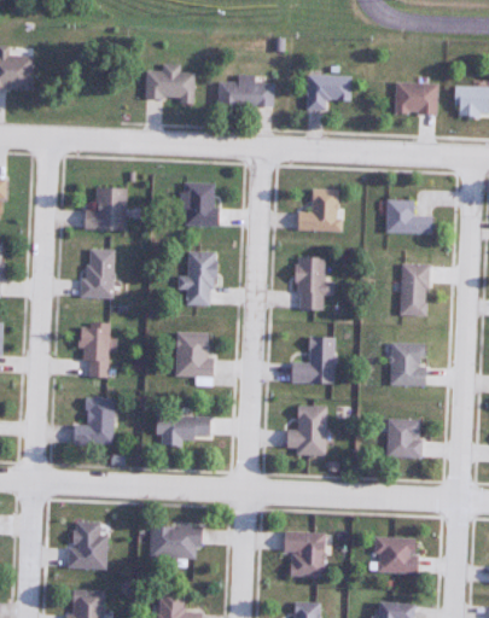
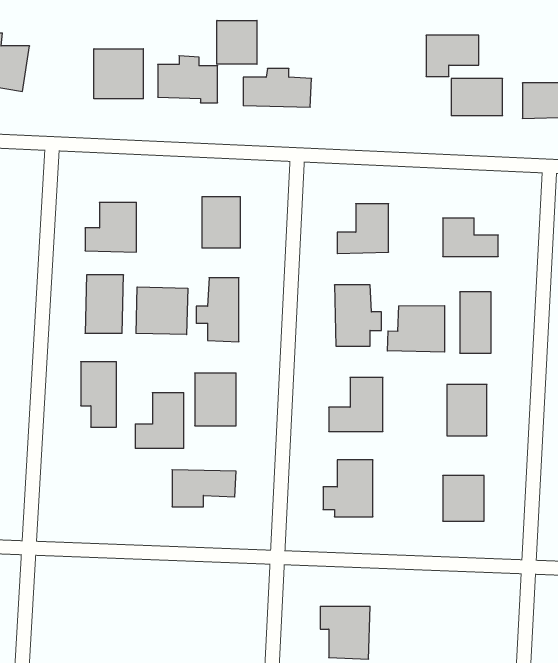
building: none -> [217,20,257,64]
building: none -> [94,49,143,99]
building: [307,75,351,110] -> [426,35,479,76]
building: none -> [136,287,188,335]
building: none -> [387,306,445,352]
building: [72,398,113,445] -> [135,393,184,448]
building: [70,521,107,567] -> none
building: [150,526,199,556] -> none
building: [374,536,417,572] -> none

